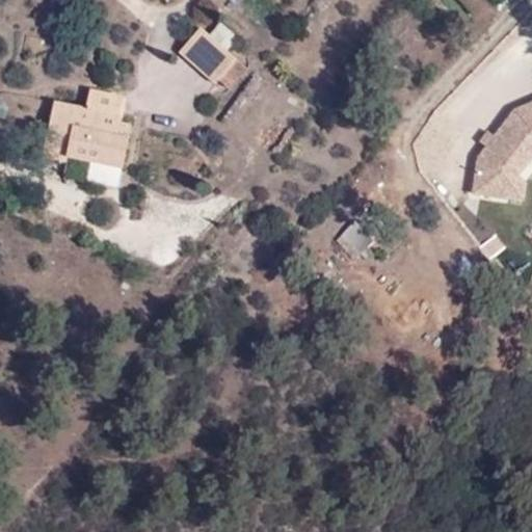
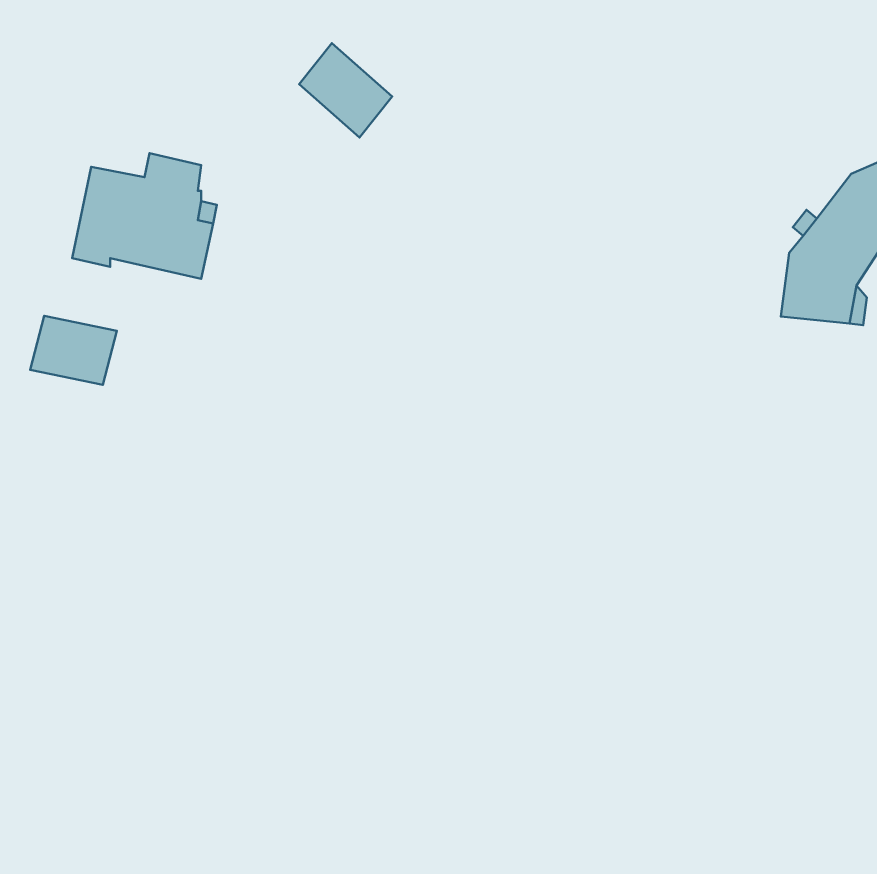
building: none -> [30,316,117,385]

